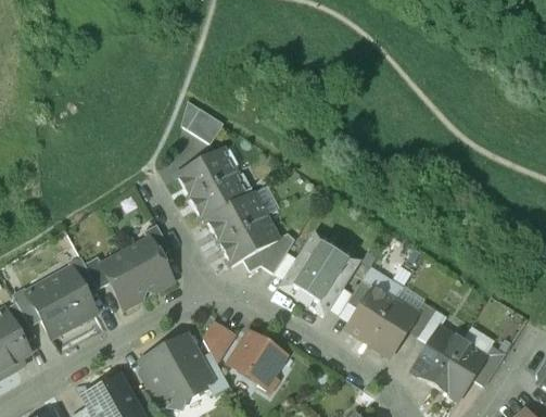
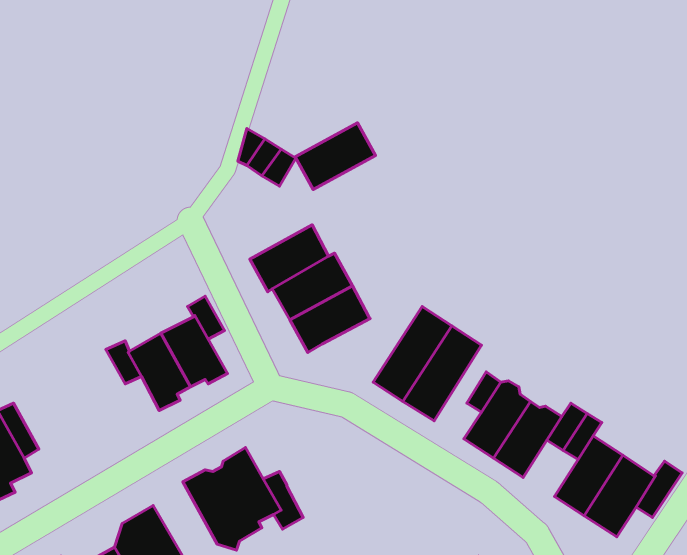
building: [177,148,236,197] -> [295,123,375,190]
building: [243,232,295,273] -> none
building: [27,266,97,338] -> none
building: [204,323,233,362] -> none
building: [231,331,285,391] -> none

